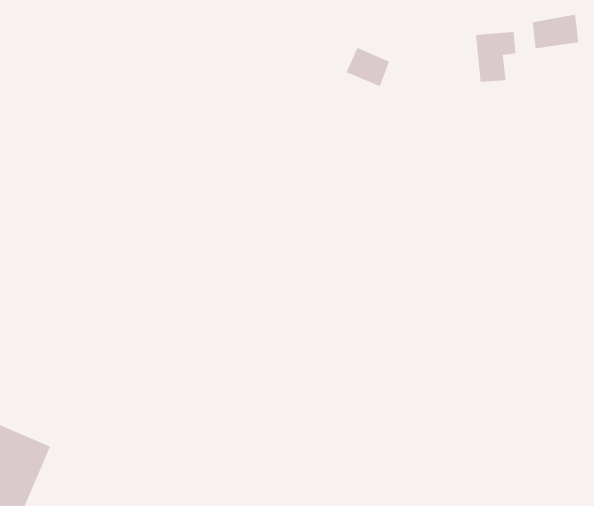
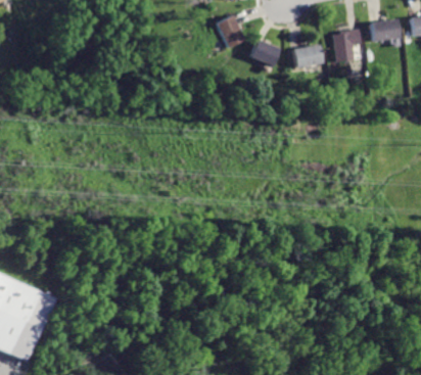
building: none -> [214,15,242,48]
building: none -> [290,44,322,68]

